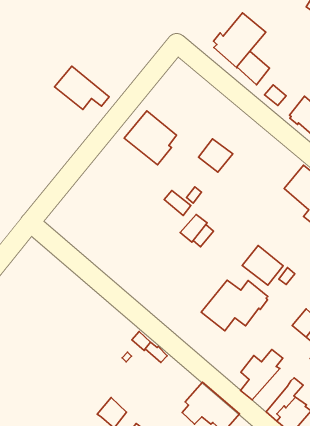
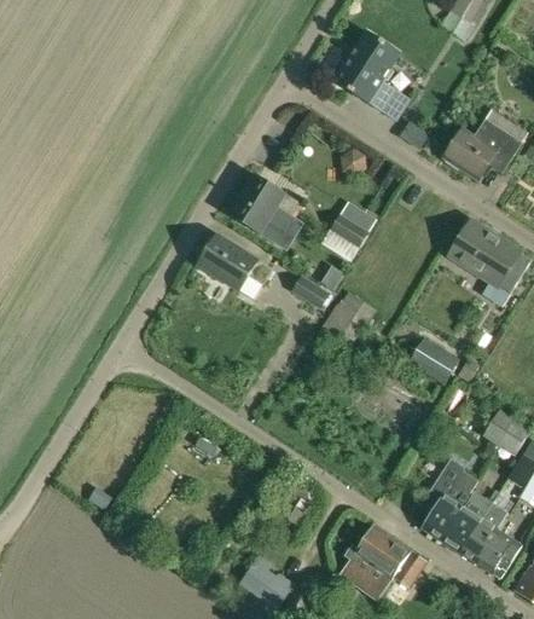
building: [55,66,109,109] -> [198,233,272,289]
building: [201,280,268,331] -> none
building: none -> [441,491,493,553]

